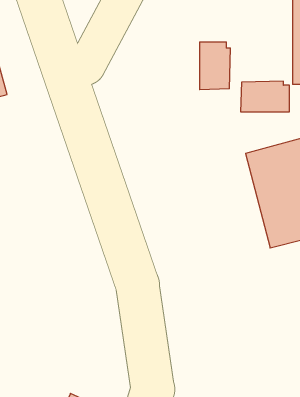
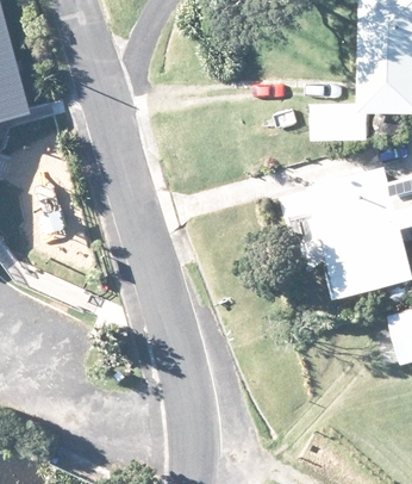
building: [200,42,230,90] -> none

